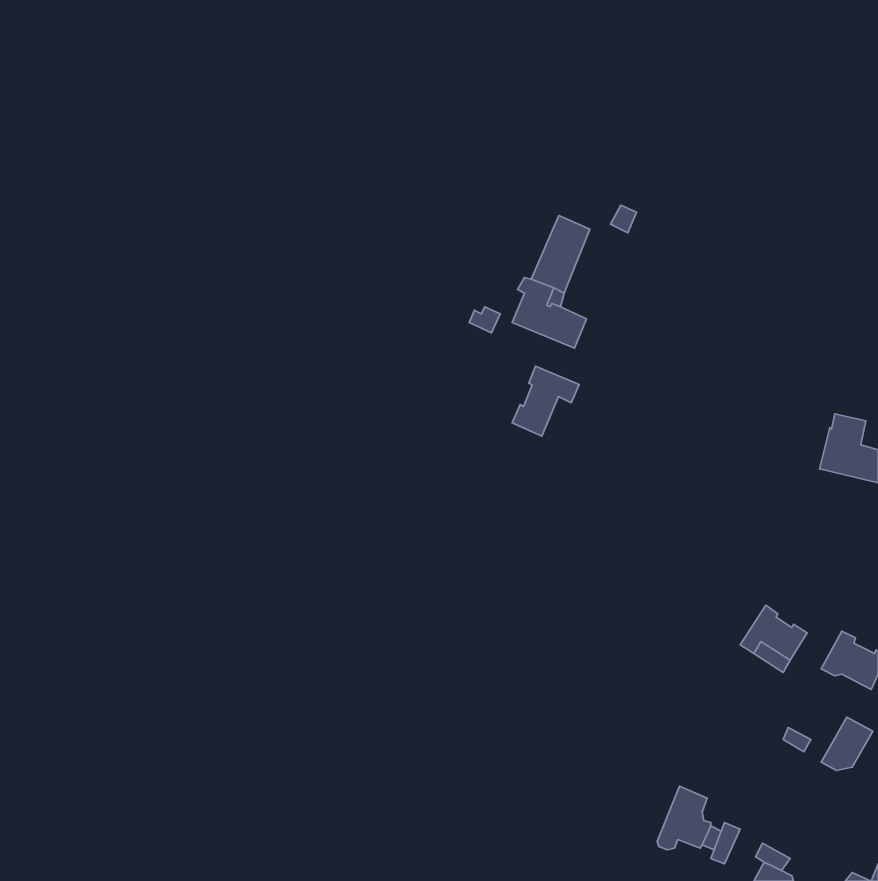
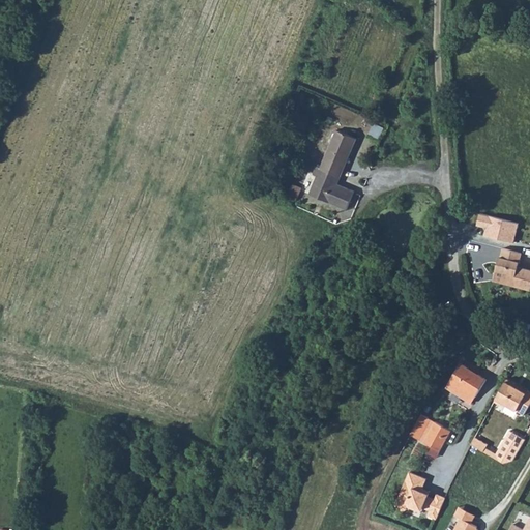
building: none -> [475,214,519,244]
building: [512,366,579,436] -> none
building: none -> [422,422,449,450]

